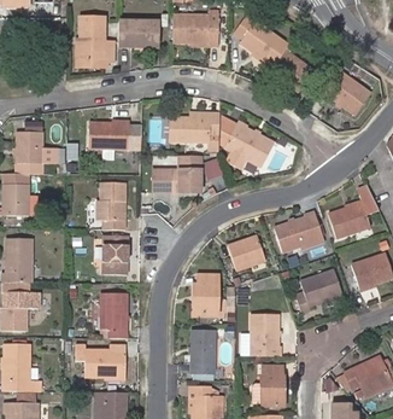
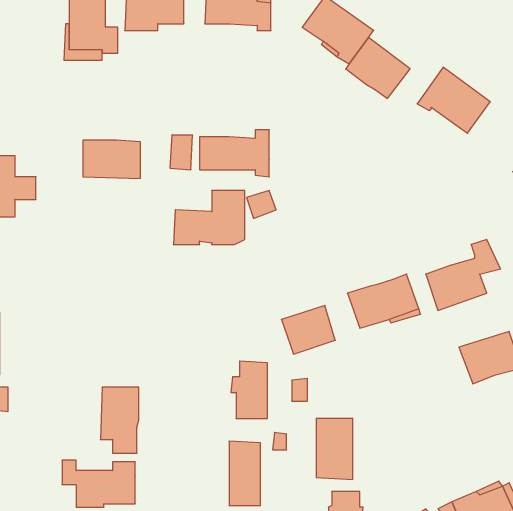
building: [221,117,274,169] -> none
building: [96,182,125,229] -> none
building: [102,237,127,275] -> none
building: [294,270,341,314] -> none

